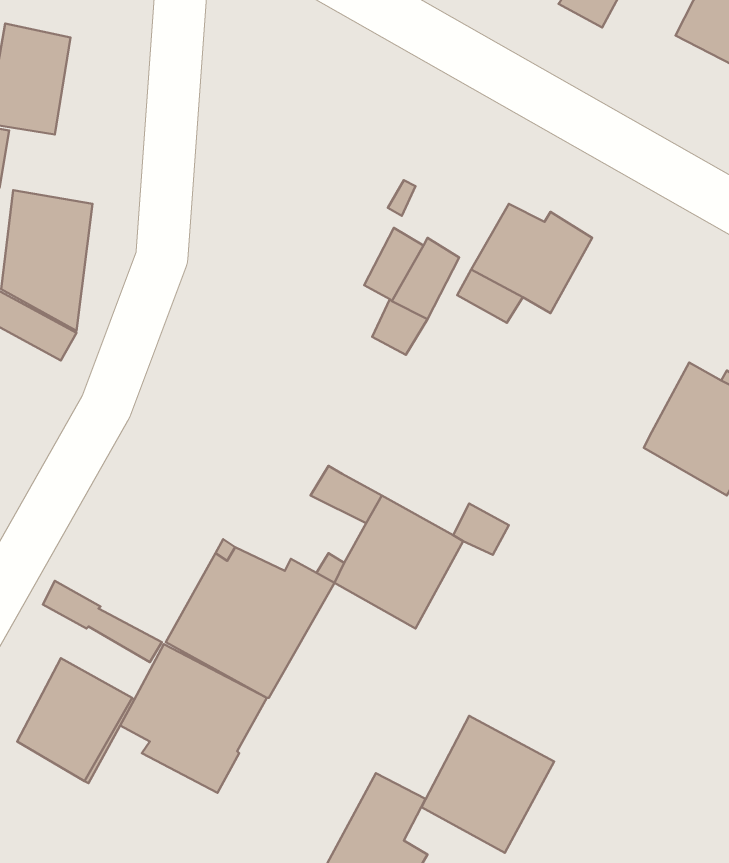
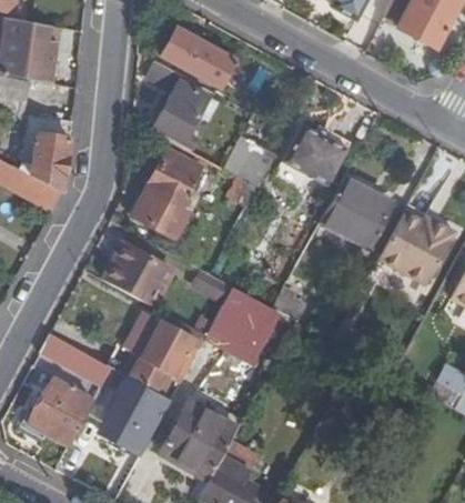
building: none -> [161,27,235,85]
building: none -> [144,58,209,132]
building: none -> [132,149,202,239]
building: none -> [321,174,406,252]
building: none -> [104,243,172,304]
building: [421,716,554,853] -> [162,402,236,479]

